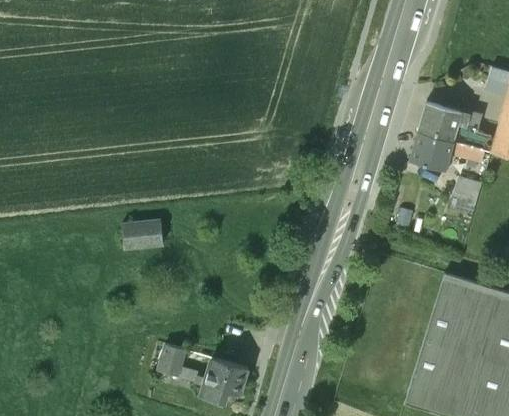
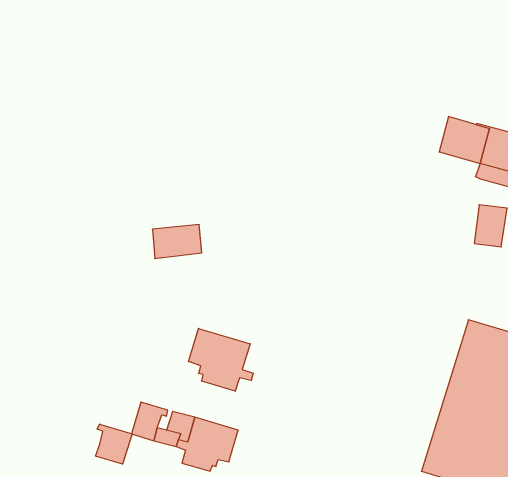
building: [412,131,455,169] -> none
building: [122,220,164,249] -> [152,225,202,259]
building: none -> [189,328,253,391]
building: none -> [96,424,132,464]

